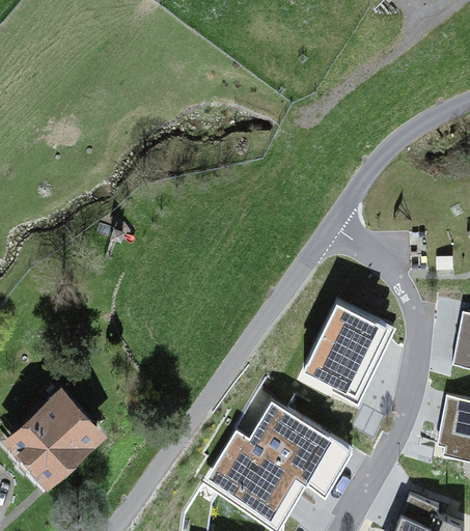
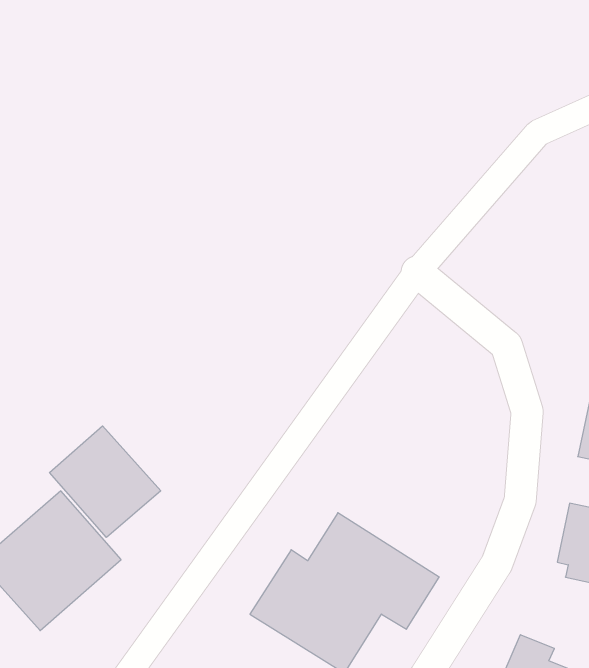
building: [306,306,390,396] -> none
building: none -> [50,426,161,537]

